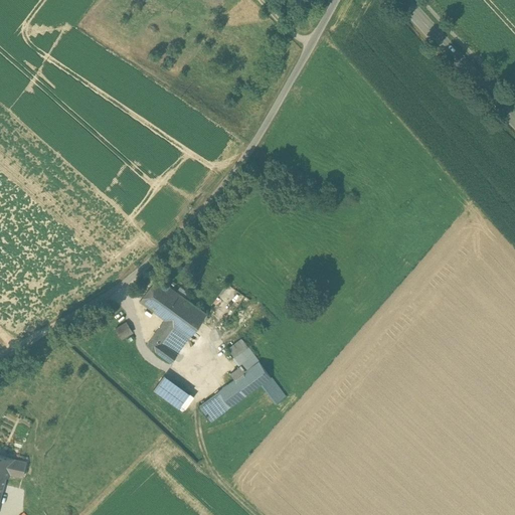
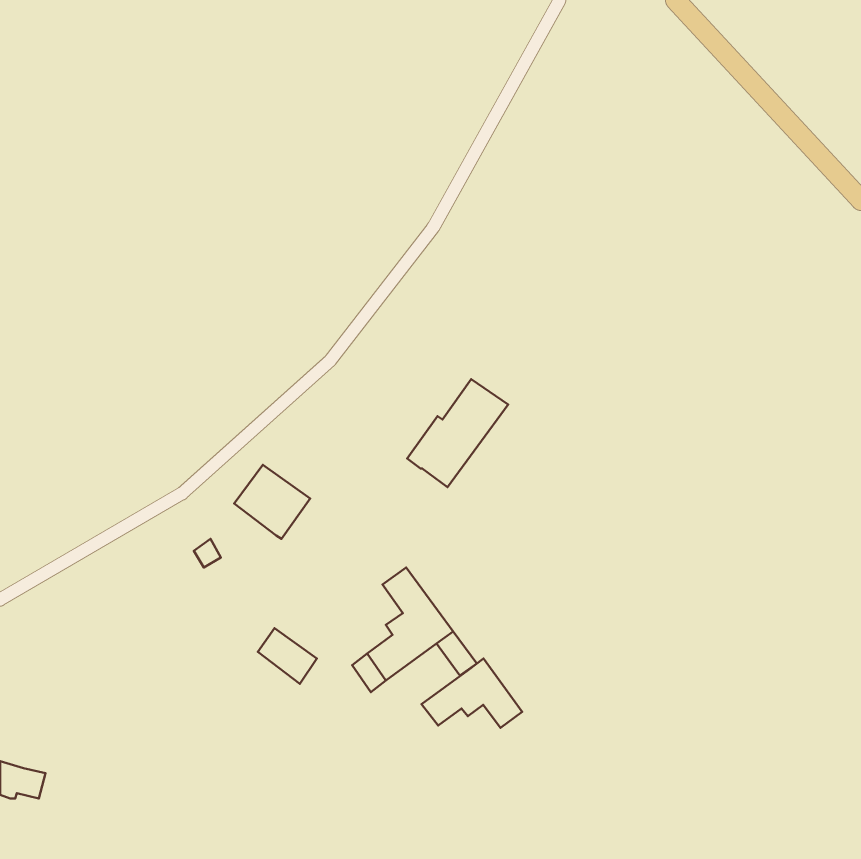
building: [147,299,207,363] -> [407,379,508,487]
building: none -> [421,659,522,728]

